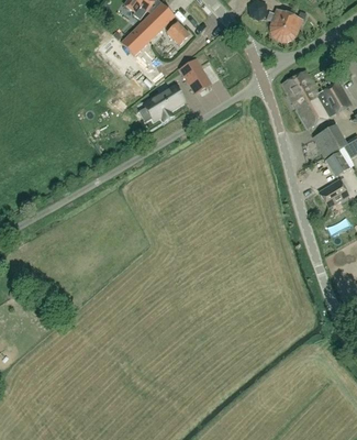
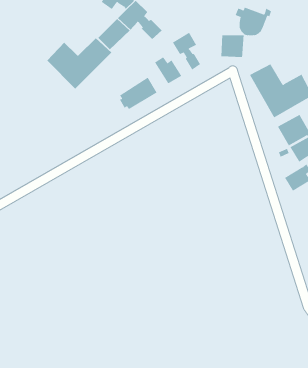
building: none -> [172,32,201,70]
building: none -> [221,35,244,58]
building: none -> [46,38,112,89]

